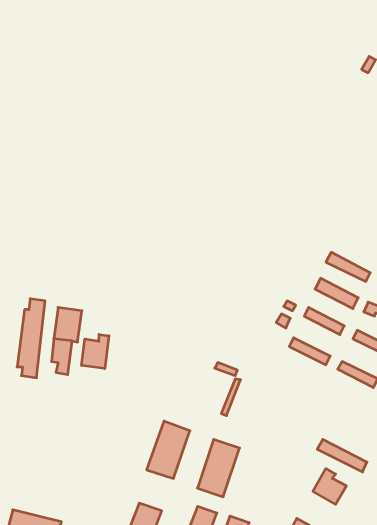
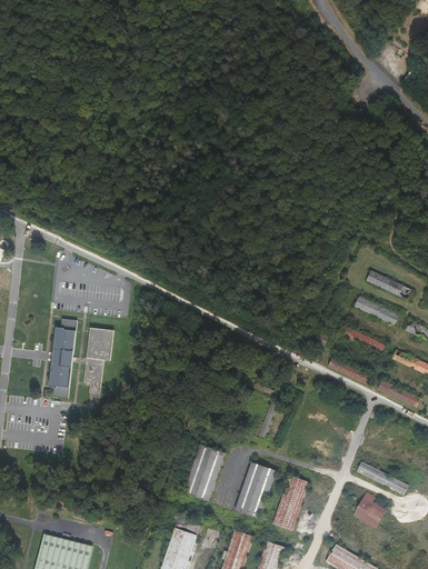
building: [82,334,109,369] -> none
building: none -> [270,475,310,533]

